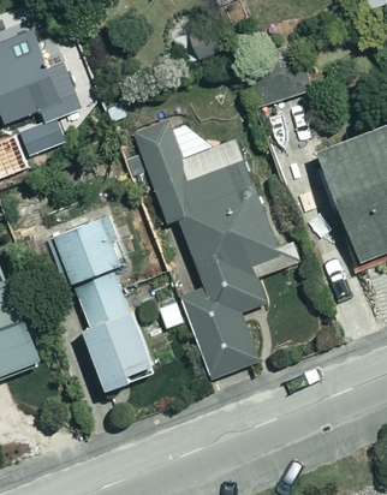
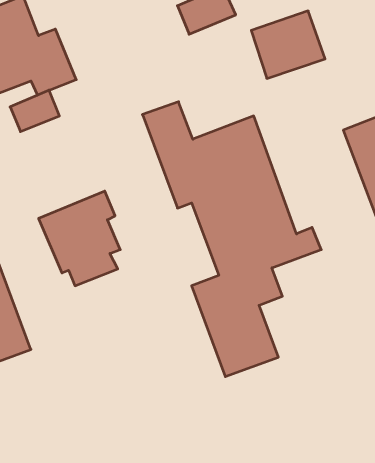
building: [73,281,145,384] -> none

